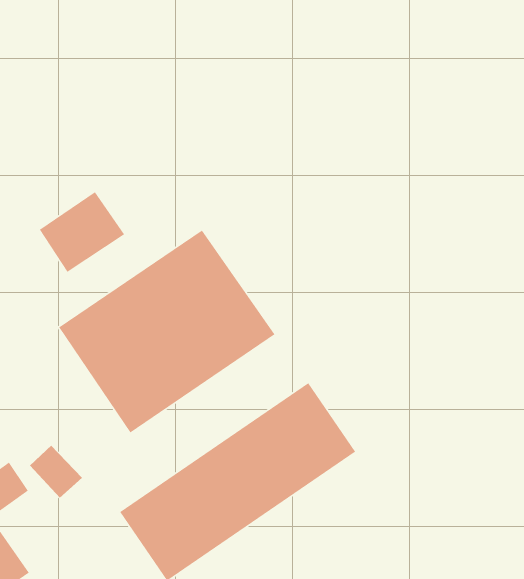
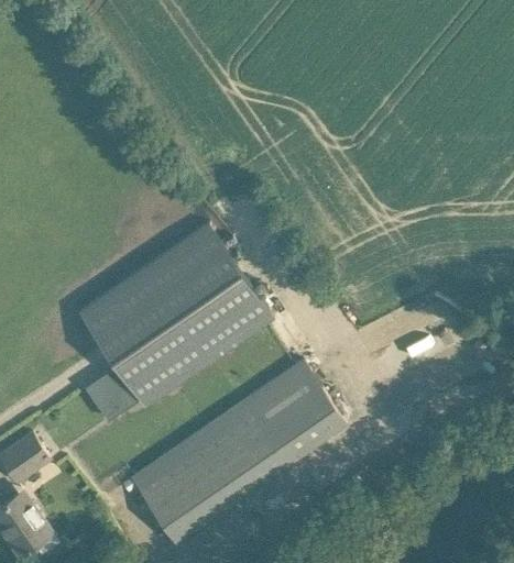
building: [39,191,125,273] -> none
building: [29,445,83,499] -> [84,371,132,419]

